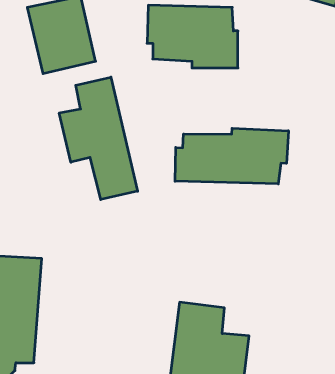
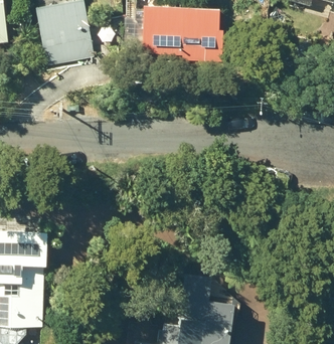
building: [59,77,138,200] -> none
building: [175,128,288,184] -> none

